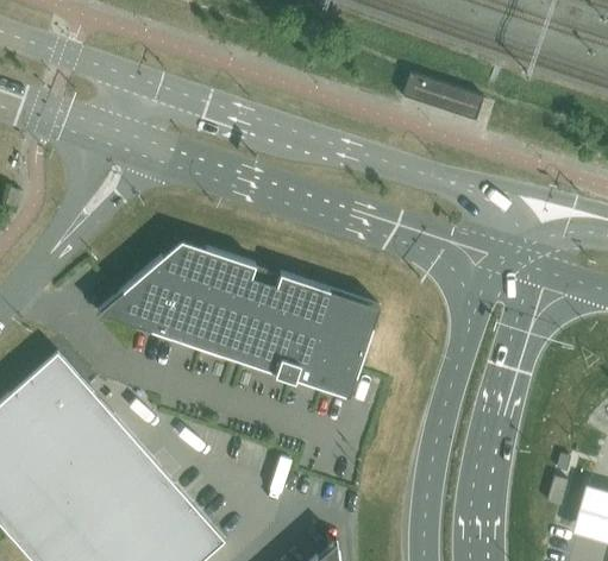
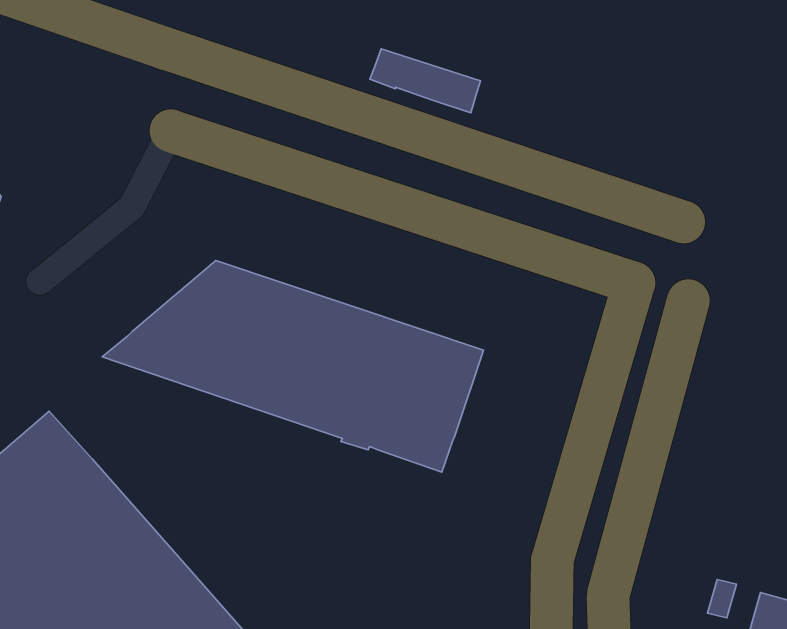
building: [401,76,483,124] -> [370,49,480,113]

